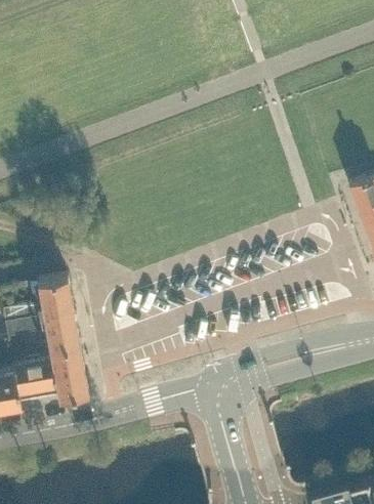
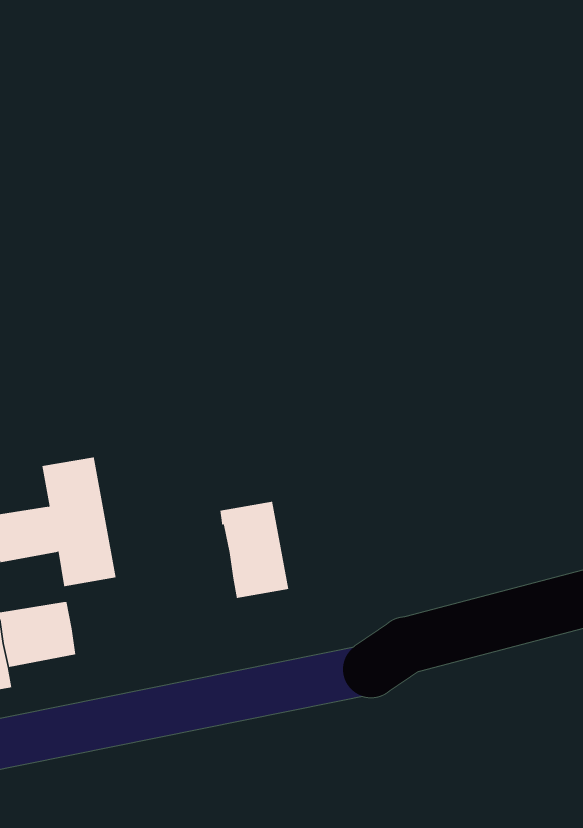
building: [50,348,89,403] -> [220,501,289,598]

